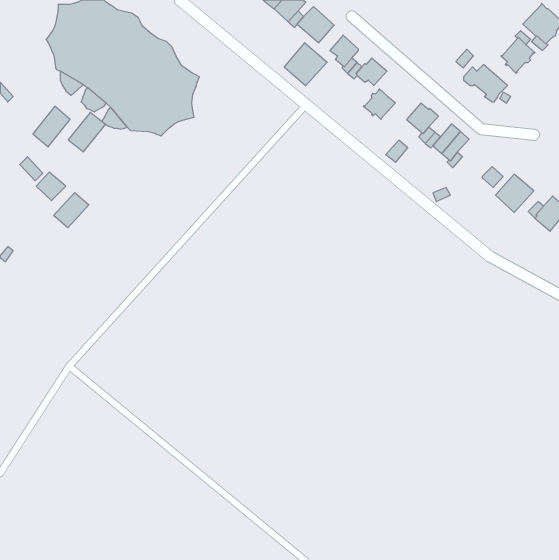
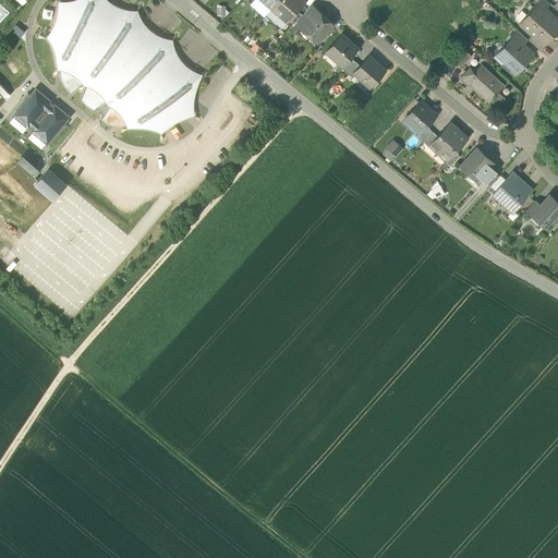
building: [284,43,327,86] -> none
building: [363,89,395,119] -> none
building: [68,112,105,152] -> [14,90,51,130]
building: none -> [462,147,494,175]
building: [54,193,89,228] -> none

